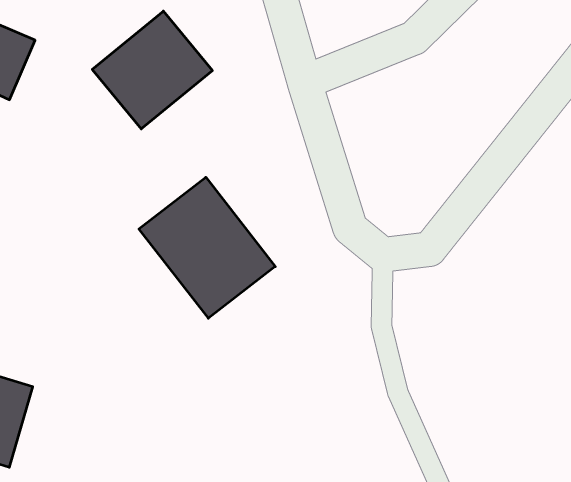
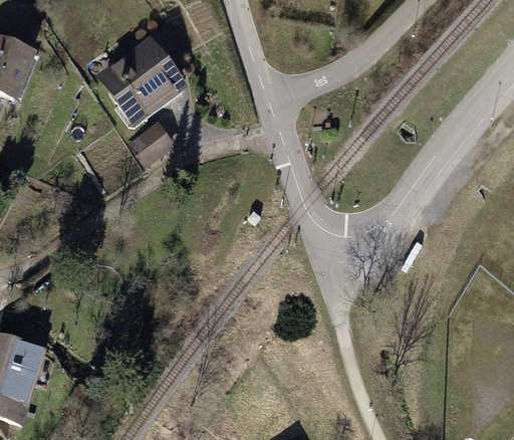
building: none -> [128,124,175,168]
building: [139,177,275,318] -> none

